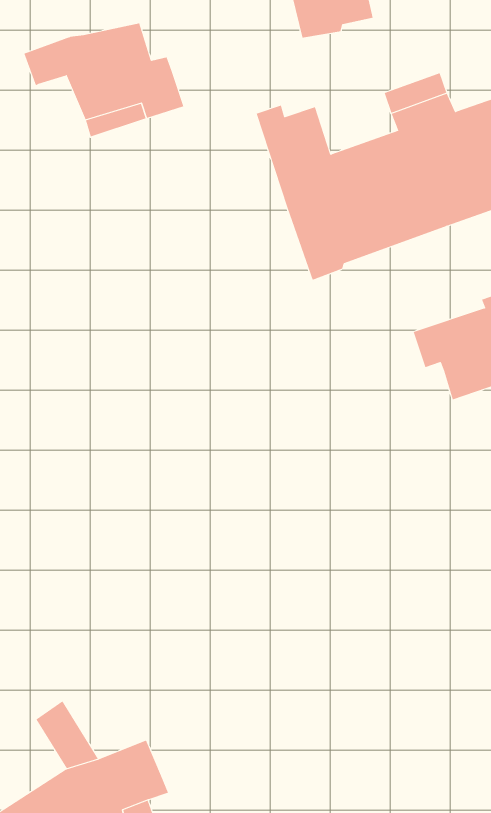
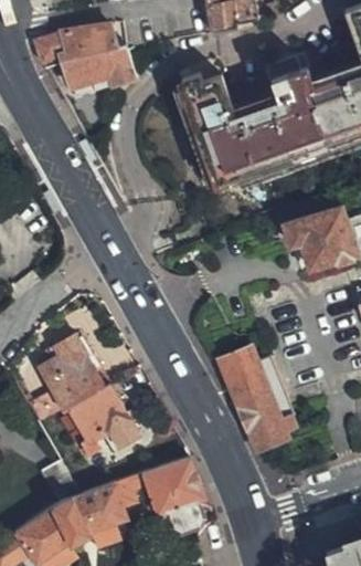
building: none -> [45,336,137,450]
building: none -> [220,346,294,450]
building: none -> [112,459,206,517]

